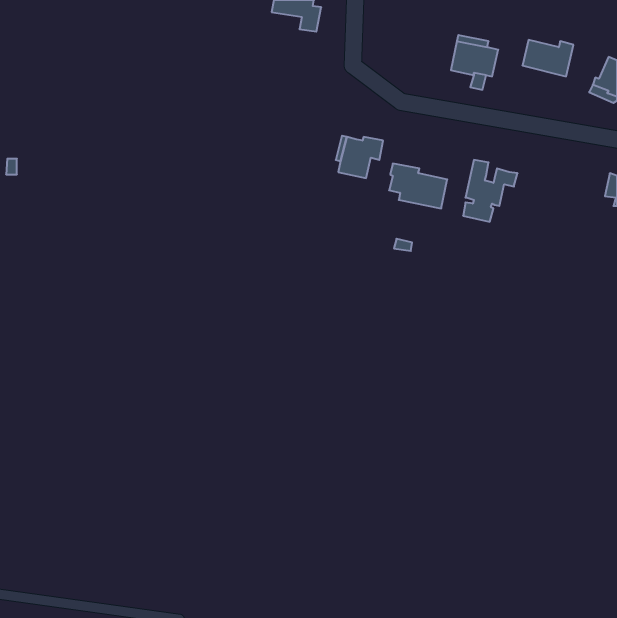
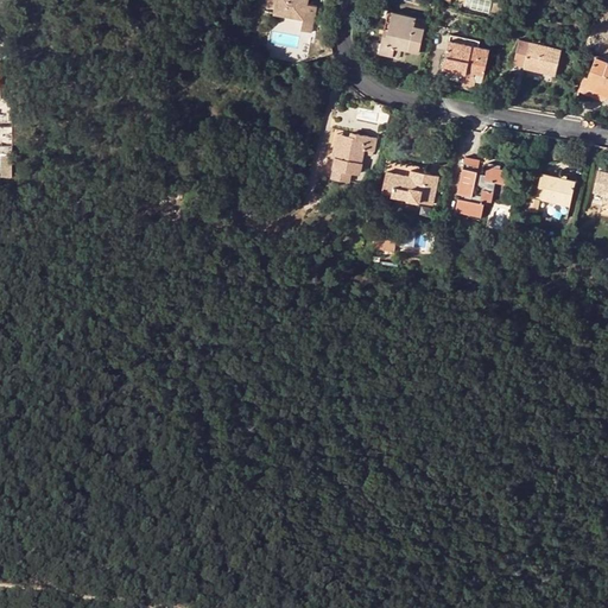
building: none -> [378,13,423,59]
building: none -> [524,175,575,211]

